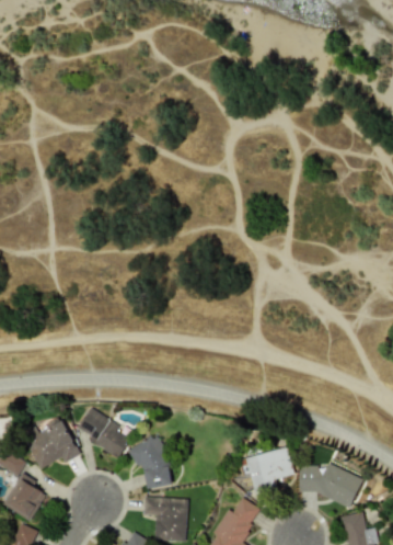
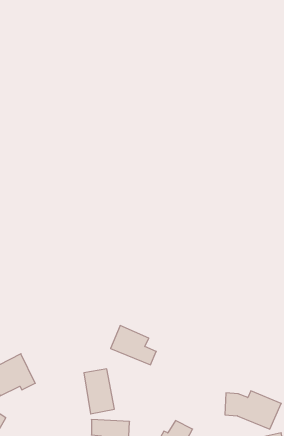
building: [77,409,129,454] -> [111,326,156,365]
building: [246,446,294,495] -> none

